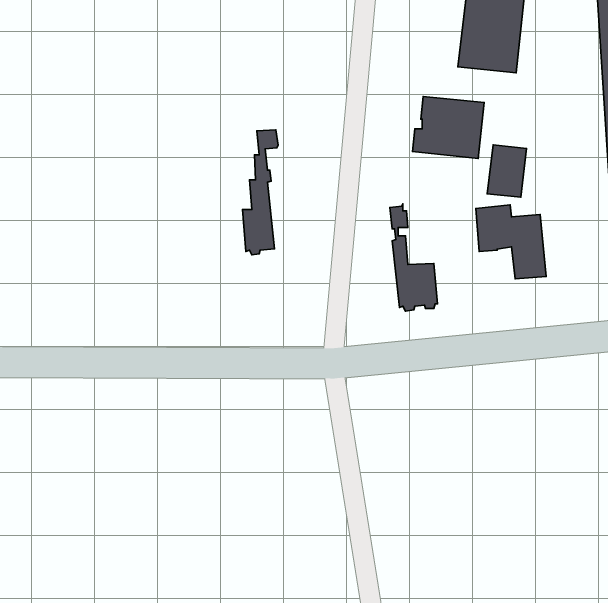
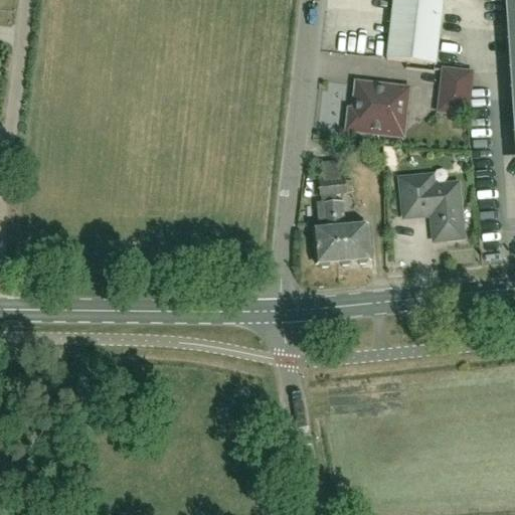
building: [242,130,278,255] -> [311,159,341,265]
building: [487,145,527,197] -> [440,67,473,112]

